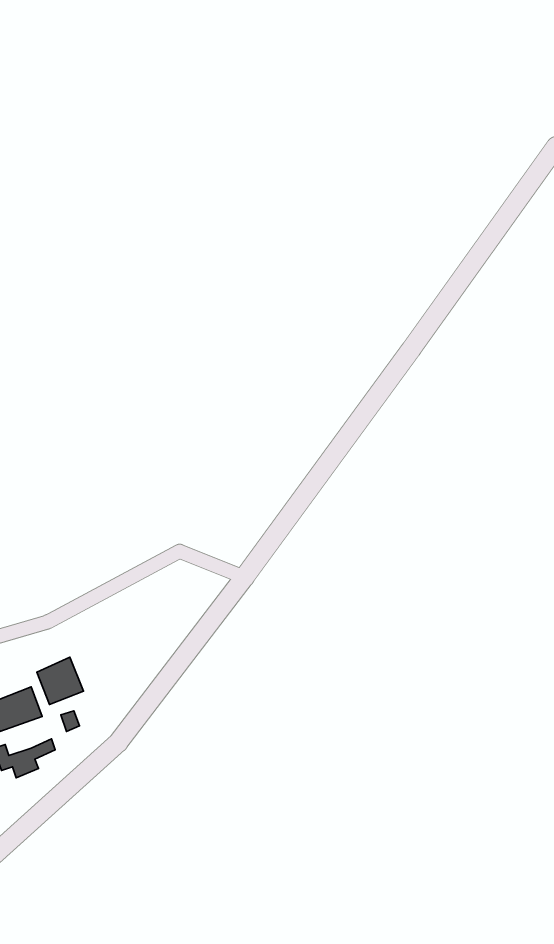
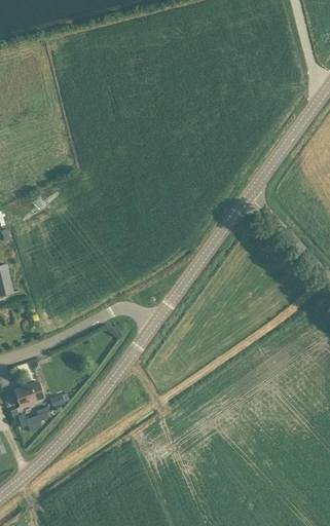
building: [37,657,84,705] -> none

